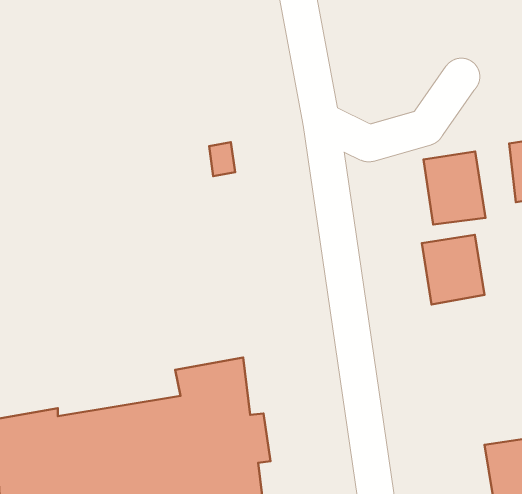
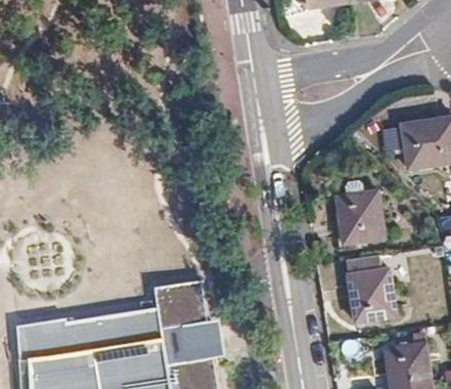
building: [423,151,485,225] -> none
building: none -> [349,268,396,321]

